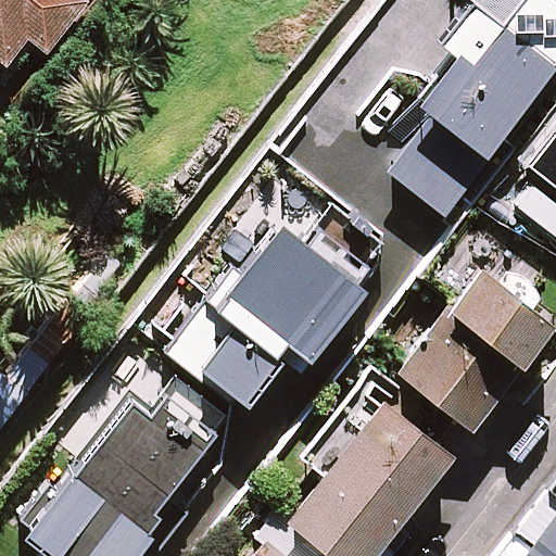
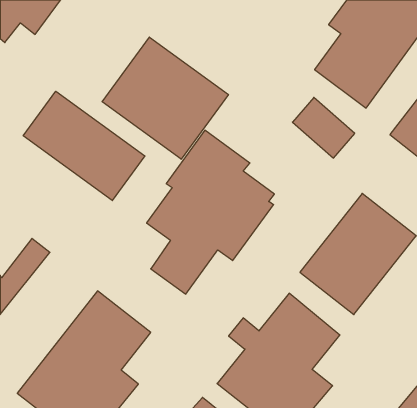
building: none -> [102,37,228,159]
building: none -> [23,91,145,201]

